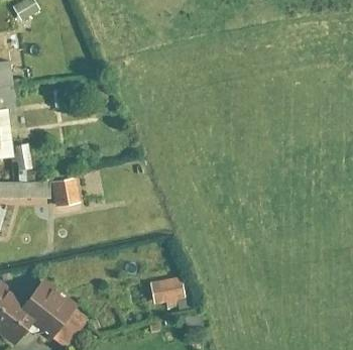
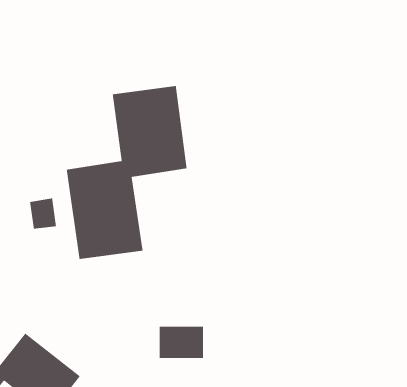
building: none -> [66,85,188,260]

